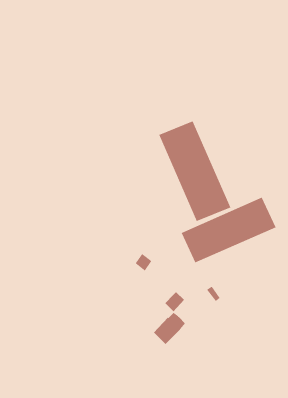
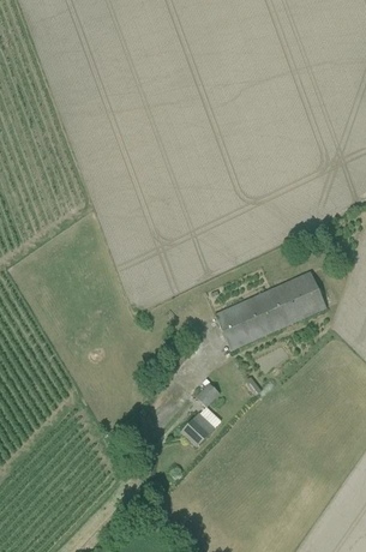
building: [158,121,231,222] -> none

